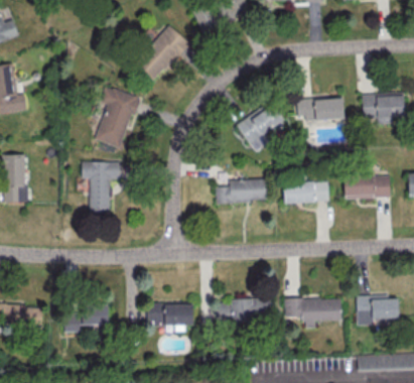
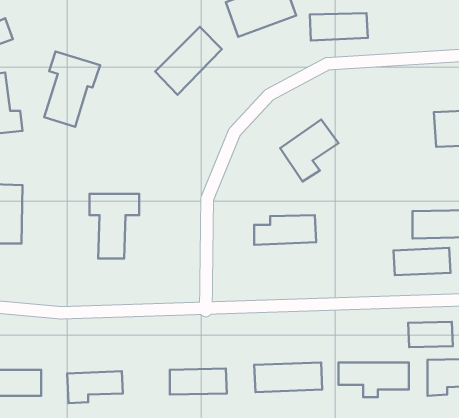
building: [96,86,141,147] -> [44,51,100,127]
building: [297,98,344,120] -> [310,13,368,40]
building: [283,180,329,203] -> [394,248,451,275]
building: none -> [408,322,453,347]

